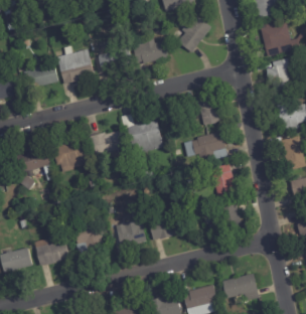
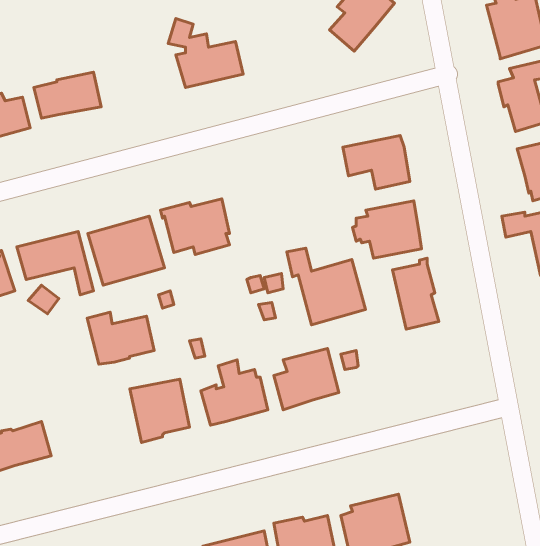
building: [130,38,167,65] -> none
building: [56,45,93,84] -> none
building: [121,114,162,154] -> [287,248,365,325]
building: [212,201,241,230] -> none
building: [33,239,68,266] -> [87,312,154,364]
building: [221,273,259,301] -> none

